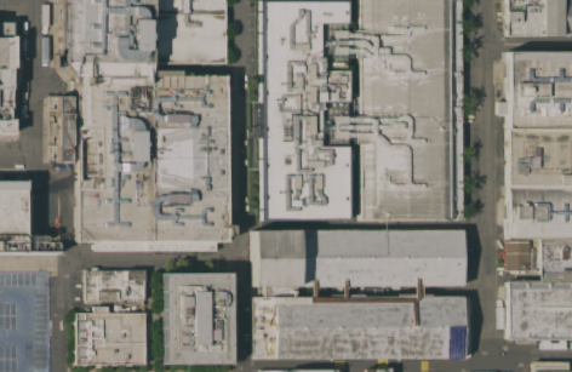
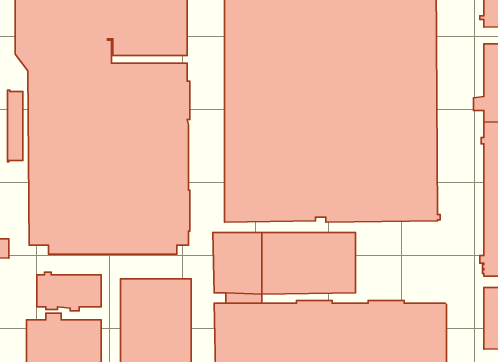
building: [388,230,465,287] -> none

